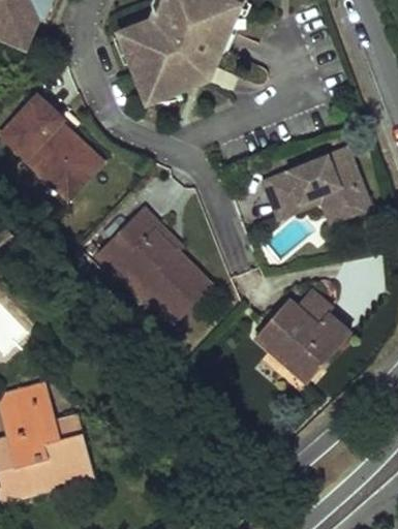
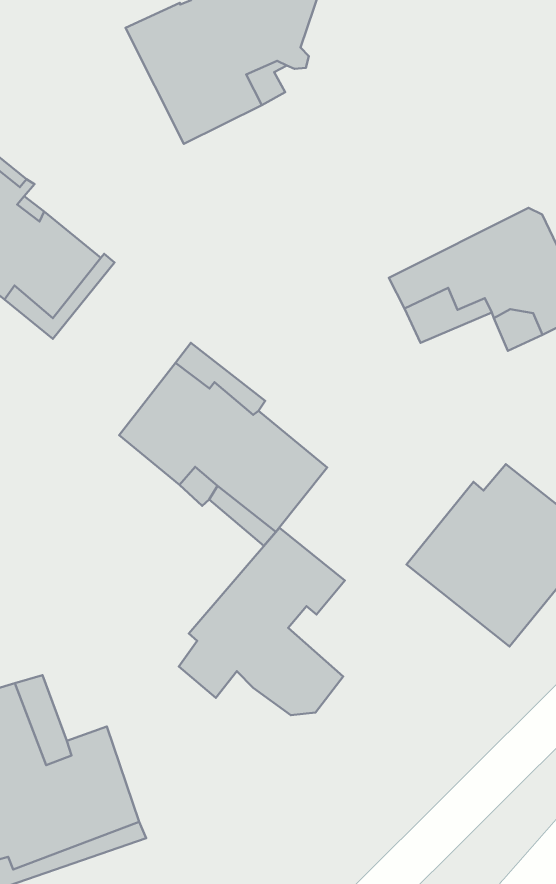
building: none -> [179,528,345,715]

